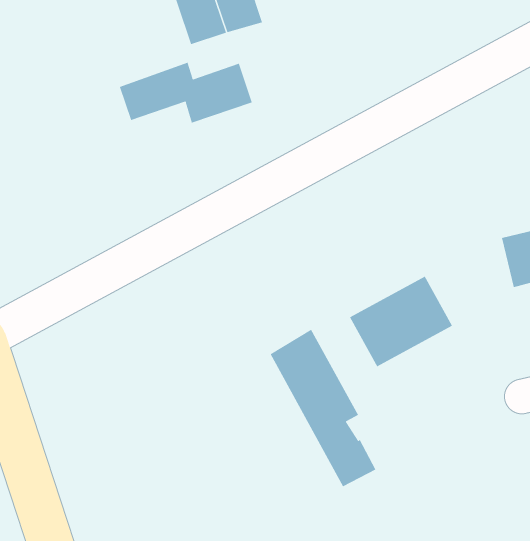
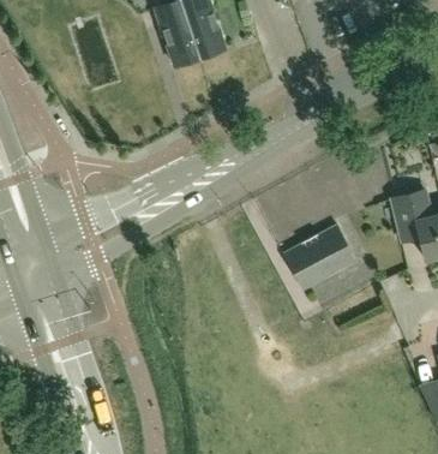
building: [119,62,253,123] -> none
building: [270,329,376,487] -> none

